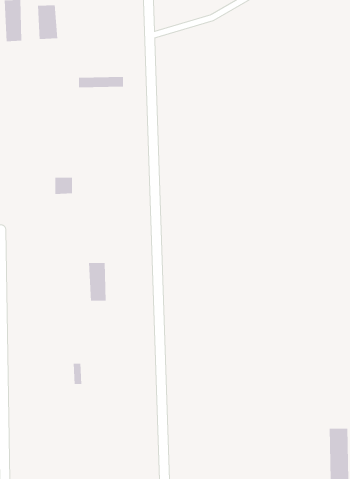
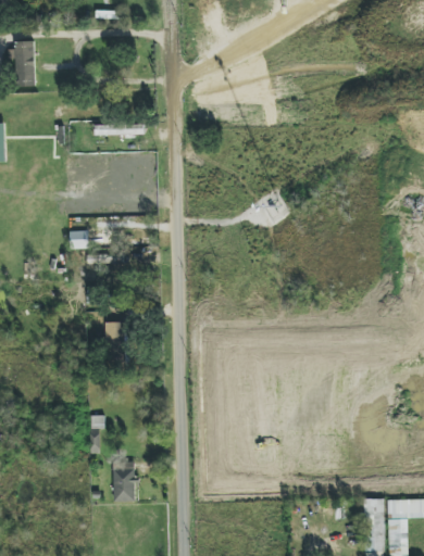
building: [38,5,58,40] -> none
building: none -> [112,460,134,501]

